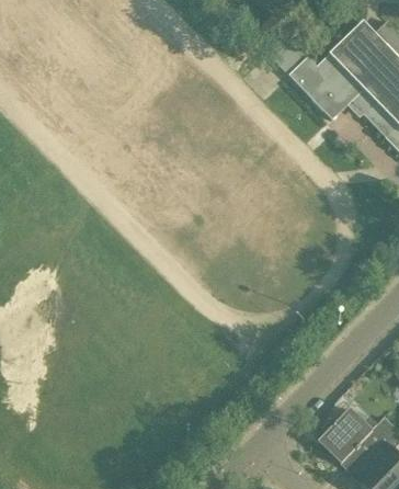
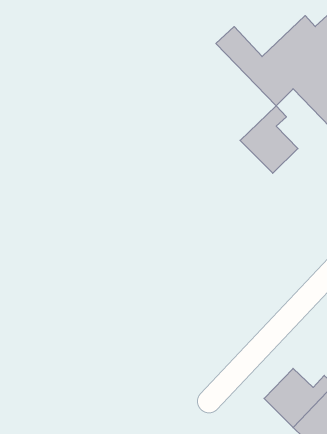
building: none -> [240,106,298,173]

